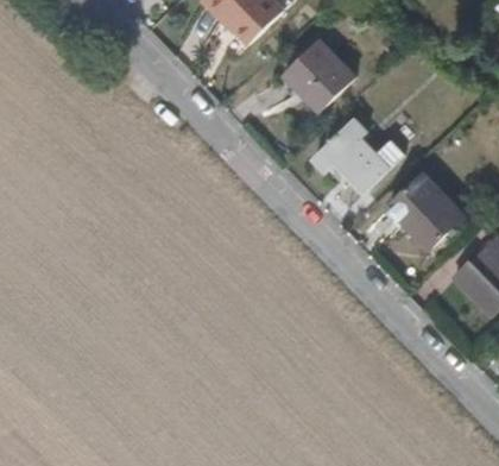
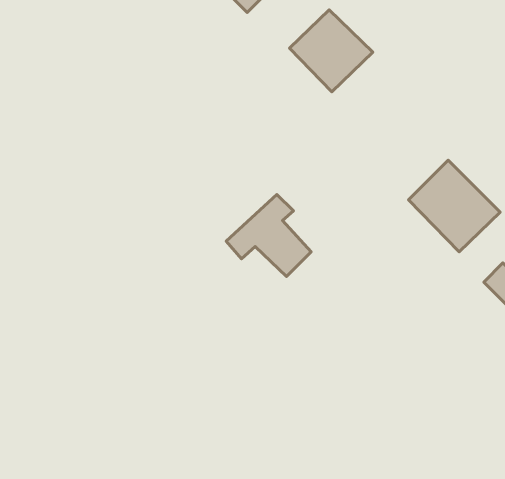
building: [311,118,385,189] -> [226,195,311,277]

